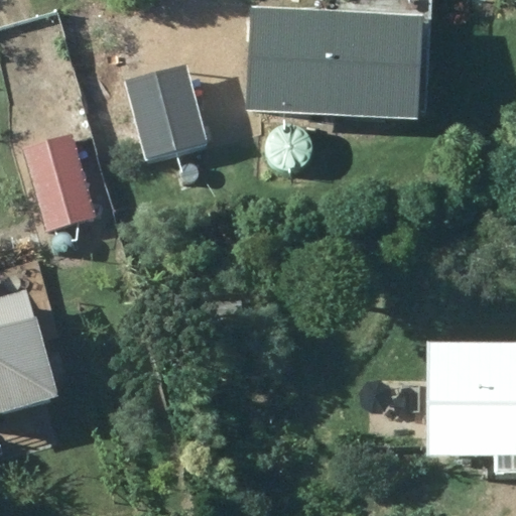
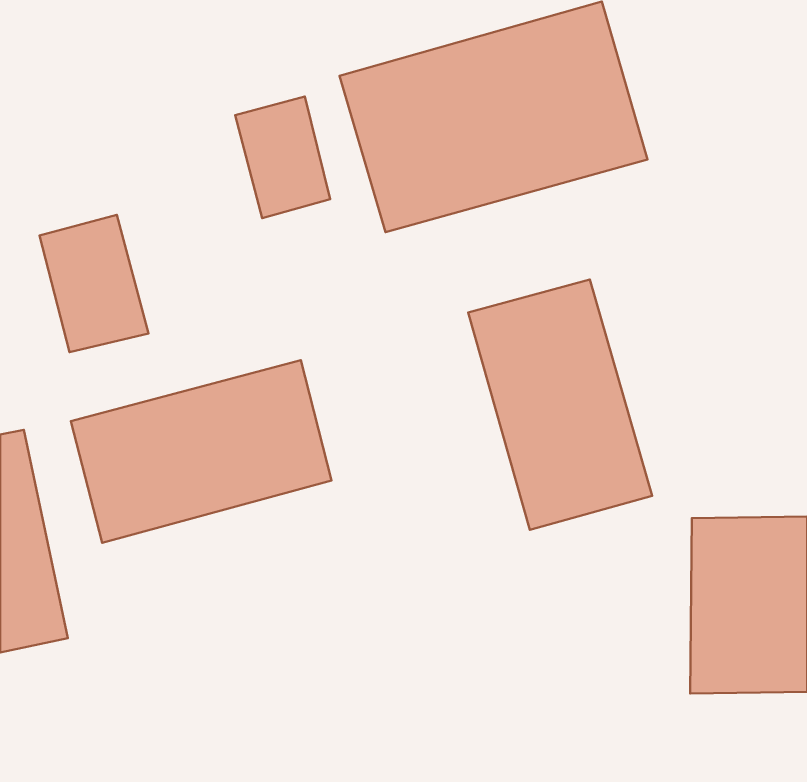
building: none -> [468,279,652,530]
building: none -> [71,360,331,543]

